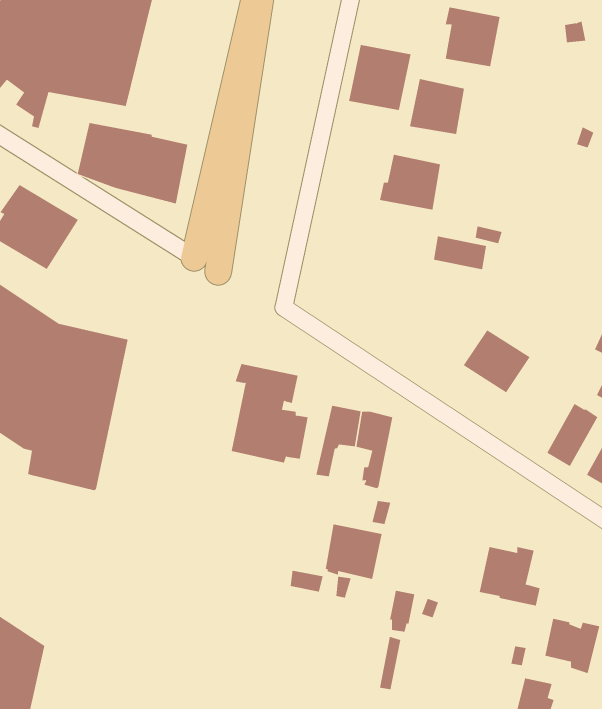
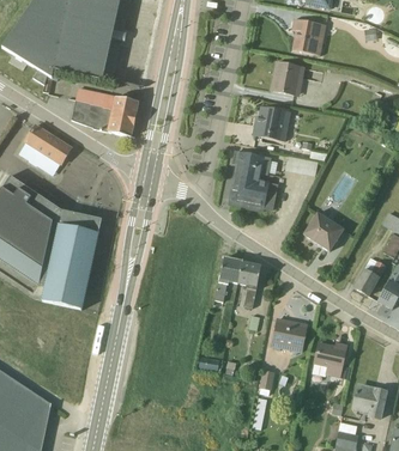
building: [348,44,411,111] -> none
building: [231,364,309,463] -> [230,151,277,211]
building: [325,524,383,580] -> [272,318,307,352]

